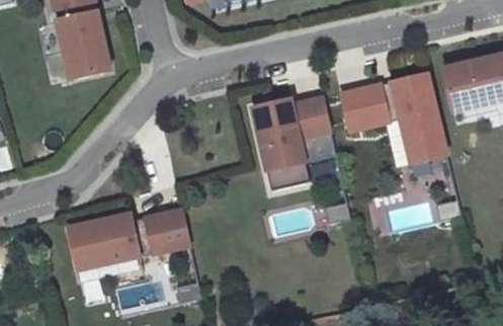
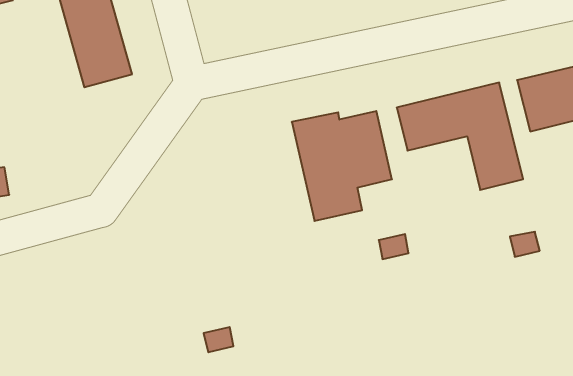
building: [67,209,188,268] -> none

